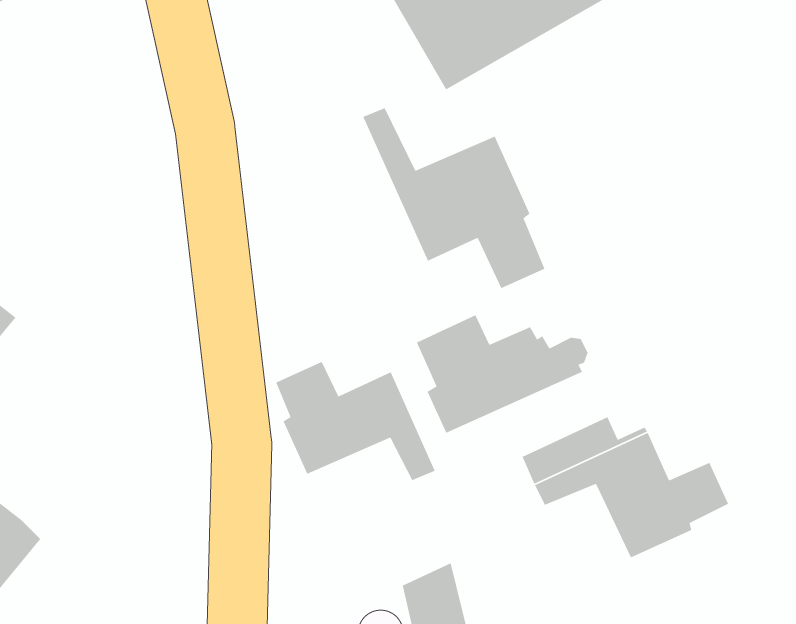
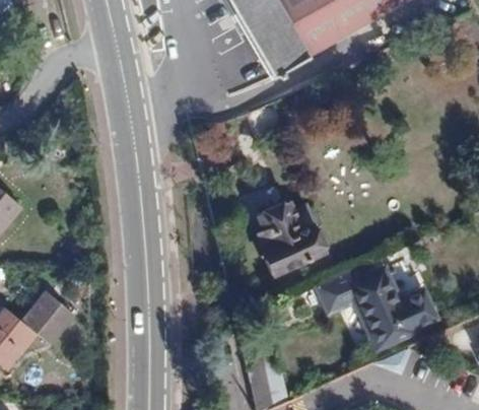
building: [362,107,546,289] -> none
building: [275,361,436,481] -> none
building: none -> [24,291,74,343]

